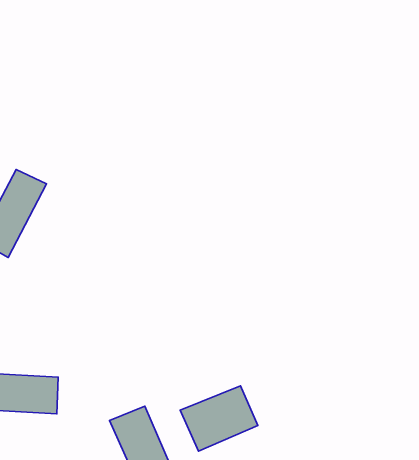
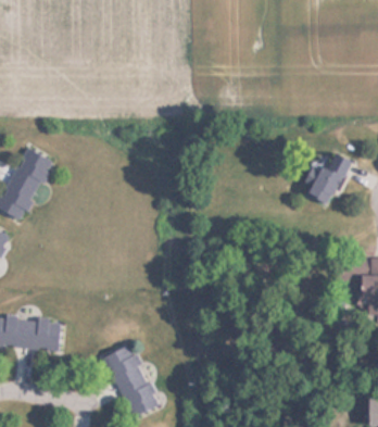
building: none -> [301,154,352,205]
building: [180,386,258,451] -> none

